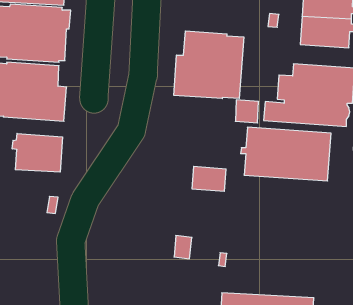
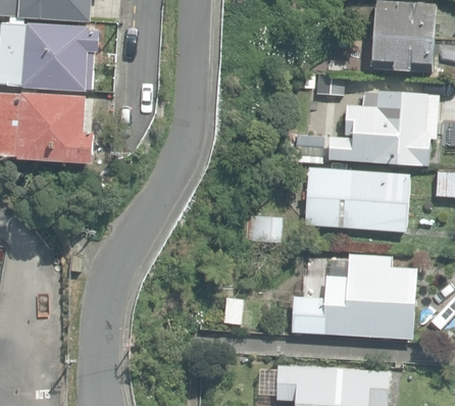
building: [174,31,244,99] -> none
building: [12,133,62,172] -> none
building: none -> [290,254,417,340]

